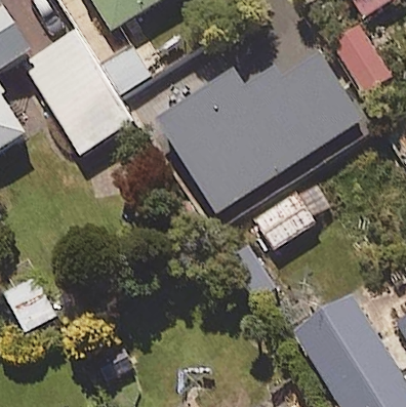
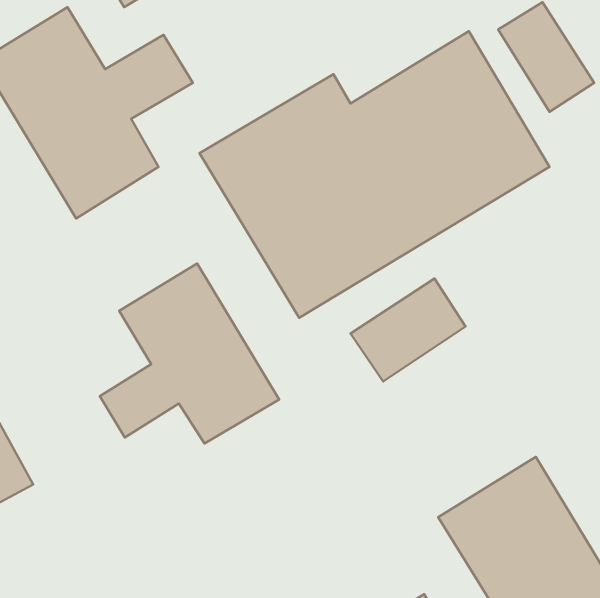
building: none -> [100,264,279,443]

